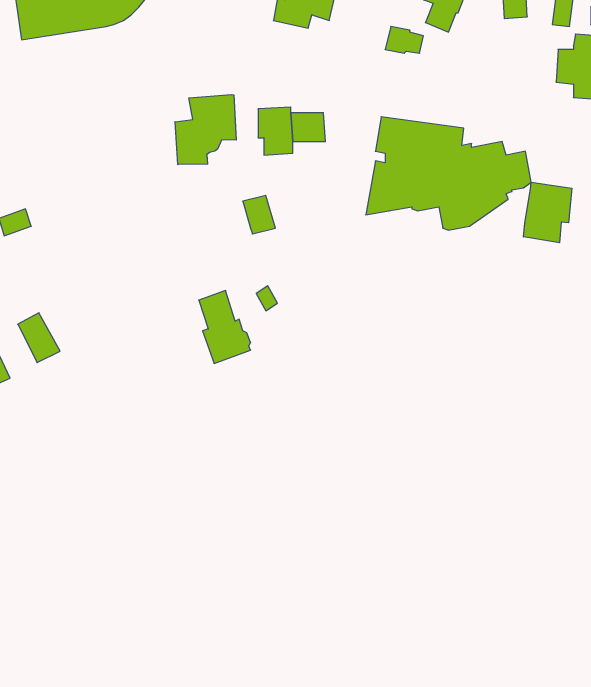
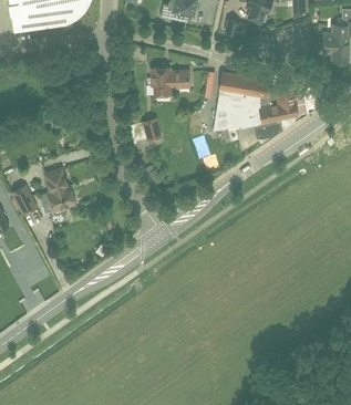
building: [175,95,236,165] -> none
building: [524,182,572,243] -> none
building: [199,290,251,363] -> [45,168,75,210]

